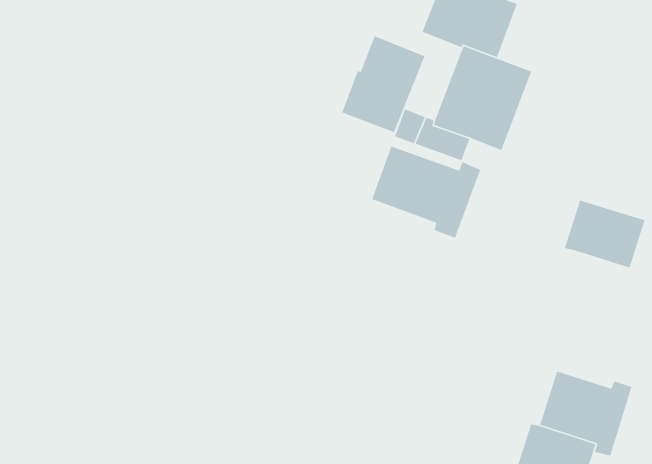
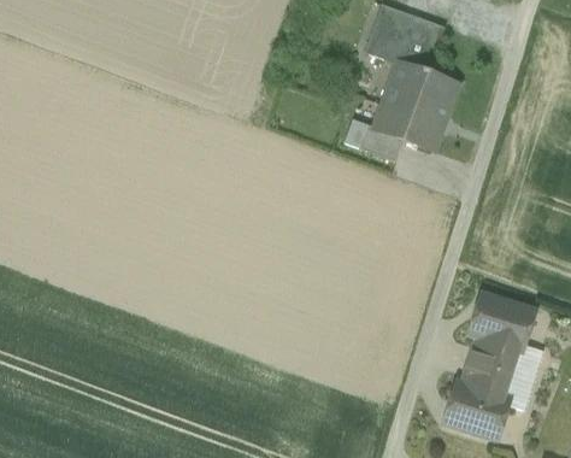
building: [341,35,426,133] -> none
building: [371,146,481,239] -> none
building: [564,200,646,268] -> [466,292,535,350]

